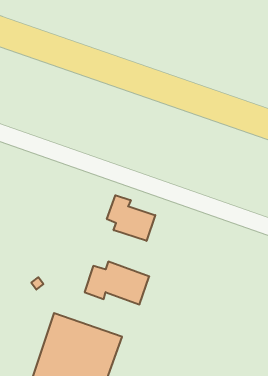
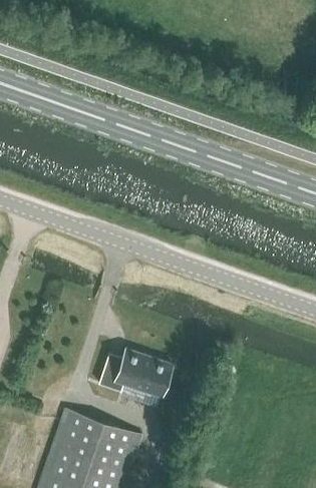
building: [107,195,155,241] -> none

